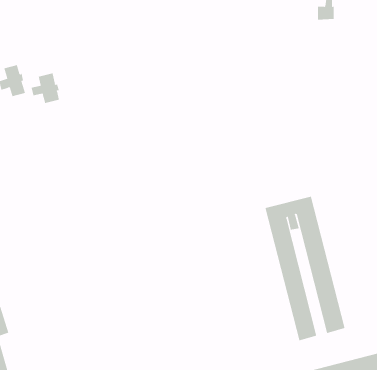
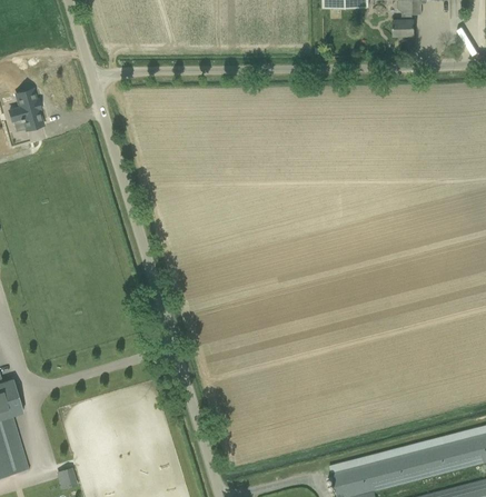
building: [31,72,60,104] -> none
building: [265,196,345,341] -> none

